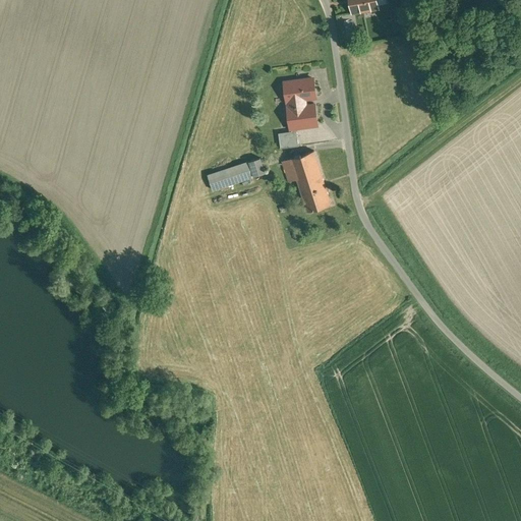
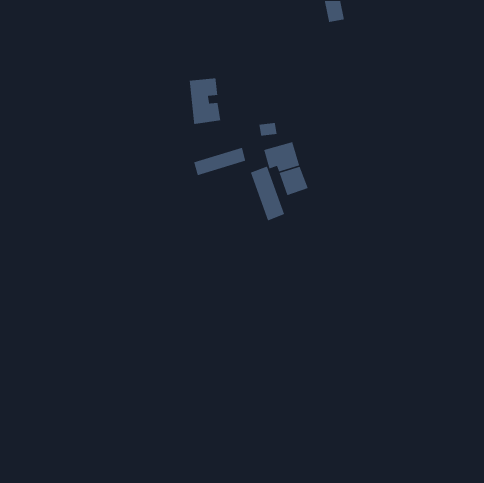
building: [283,78,317,129] -> [189,77,221,125]
building: none -> [250,165,285,222]

